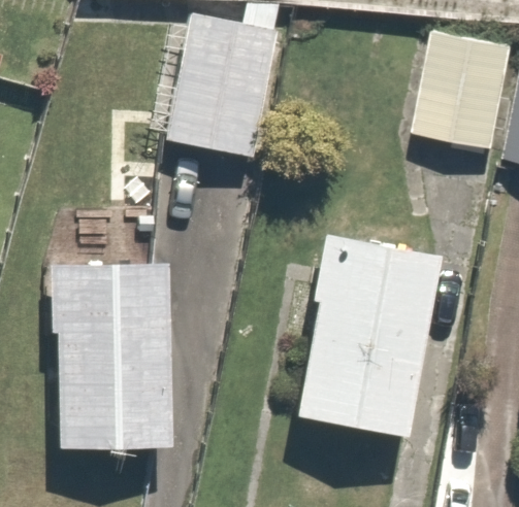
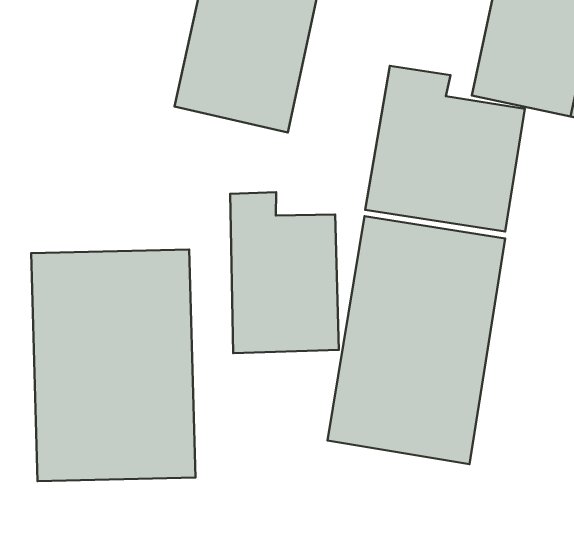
building: none -> [365,66,525,231]
building: none -> [230,192,339,353]

